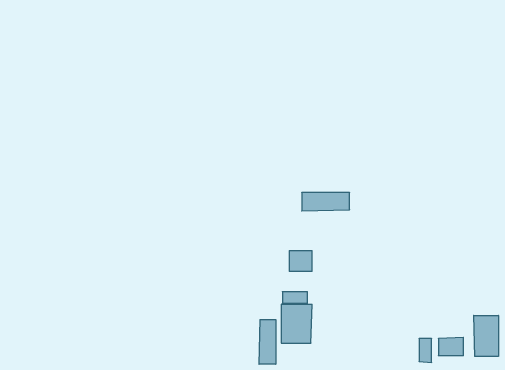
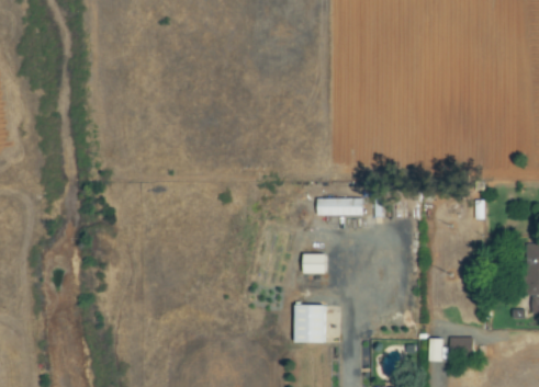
building: [474,315,498,356] -> none
building: [259,320,276,364] -> none

